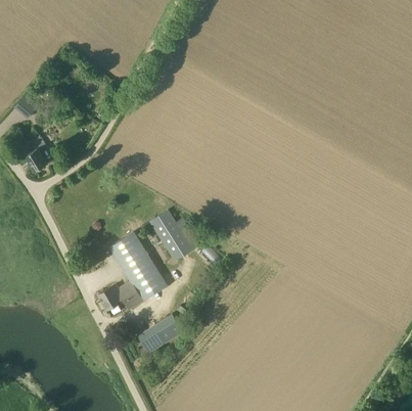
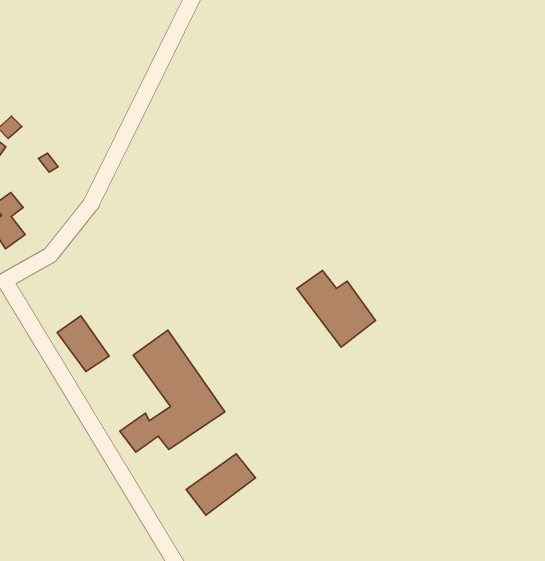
building: [150,211,199,261] -> [297,270,376,347]
building: none -> [57,316,109,372]

